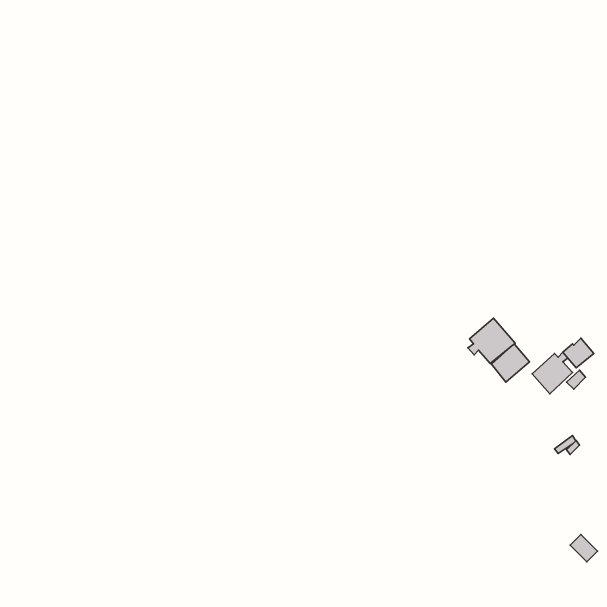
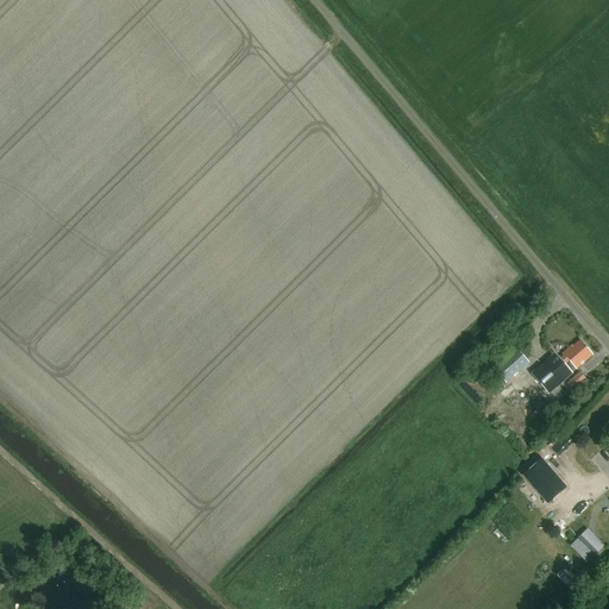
building: [468,318,515,363] -> none
building: none -> [525,458,567,502]

